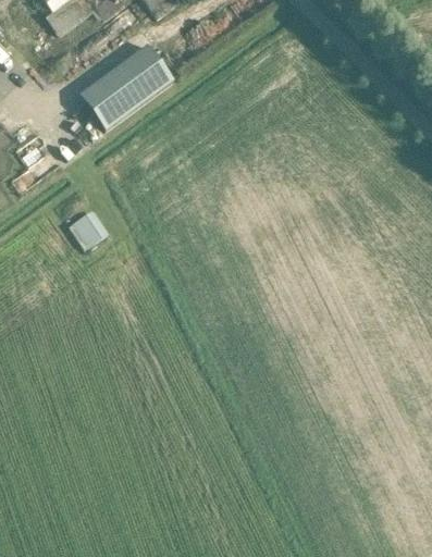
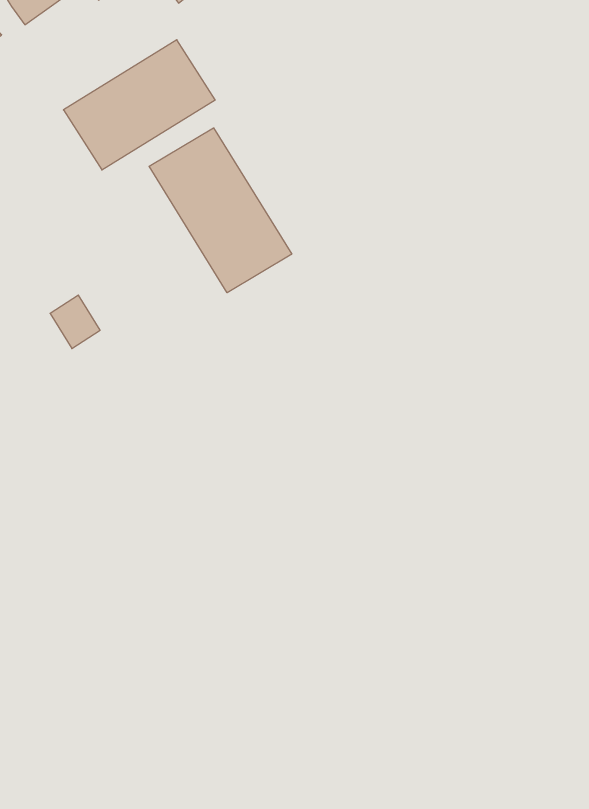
building: none -> [149,128,292,293]

